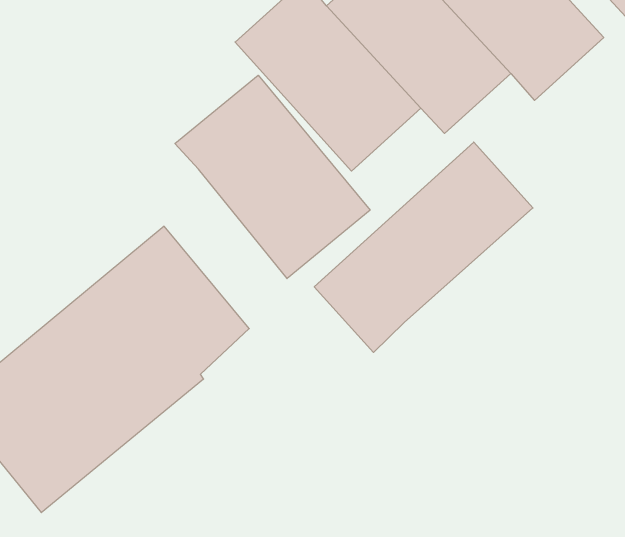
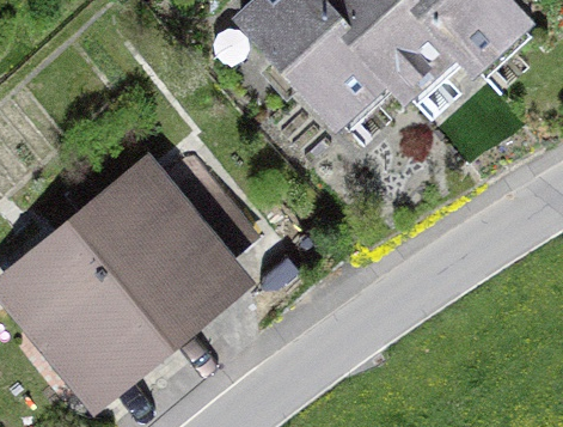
building: [175,75,370,279] -> none
building: [314,142,533,352] -> none

